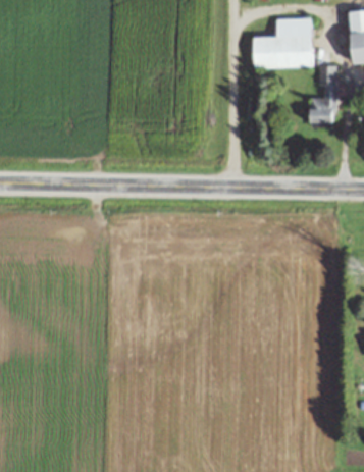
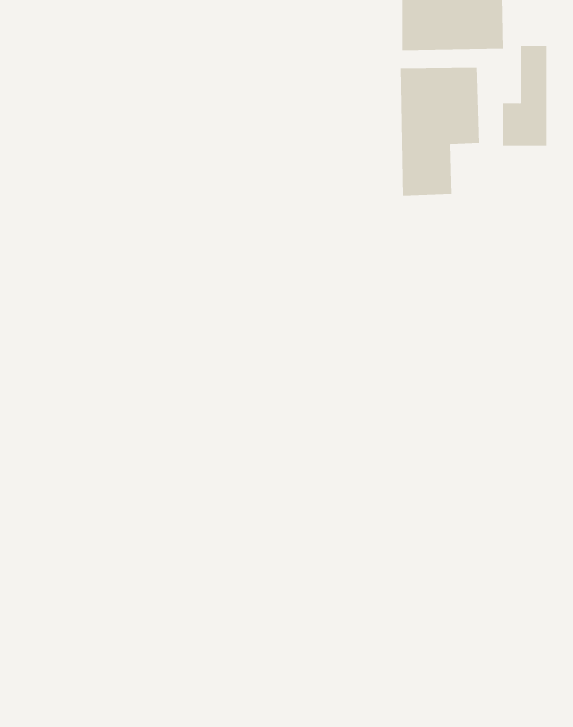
building: none -> [400,67,479,196]

